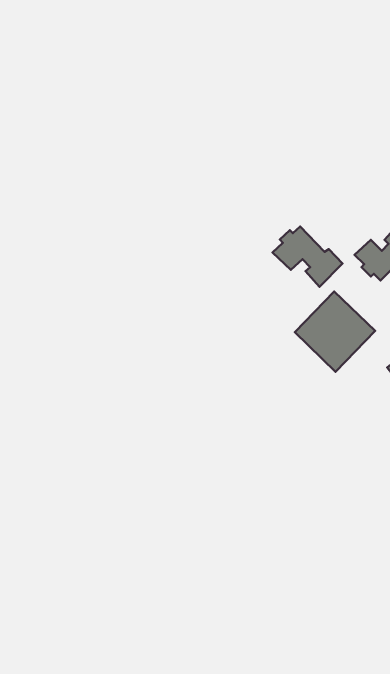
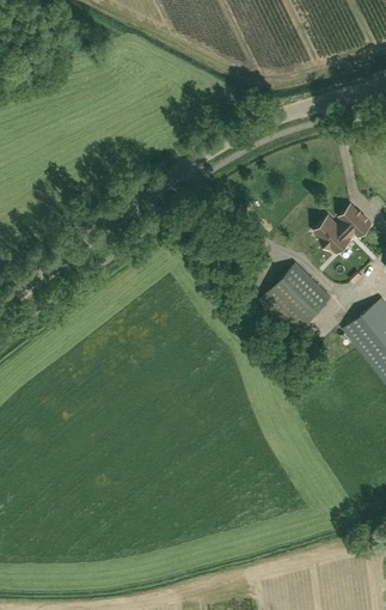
building: [273,226,343,287] -> none

